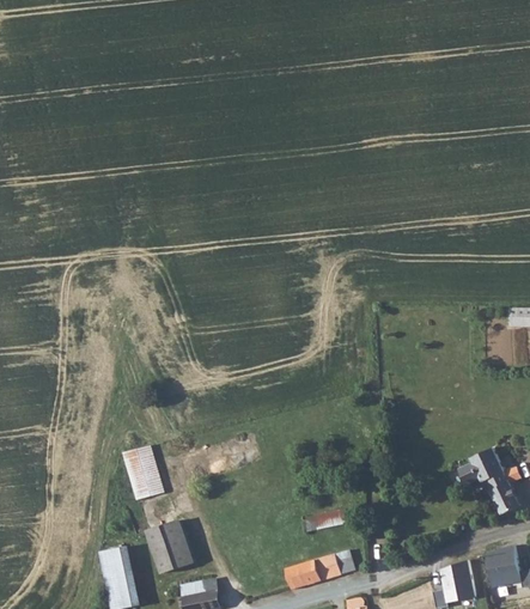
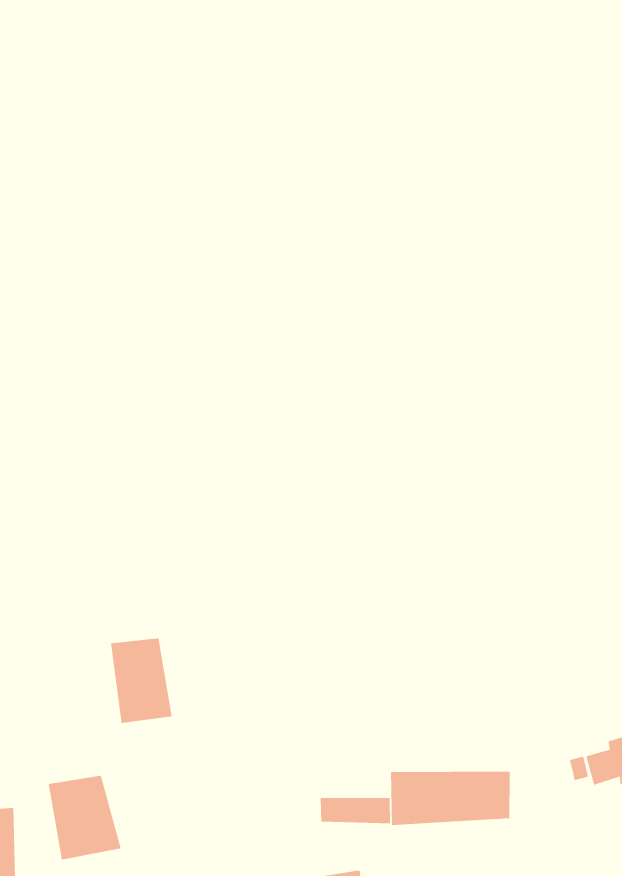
building: [122,445,165,499] -> [110,638,172,723]
building: none -> [390,771,510,826]

